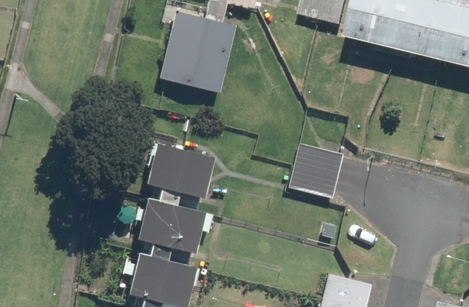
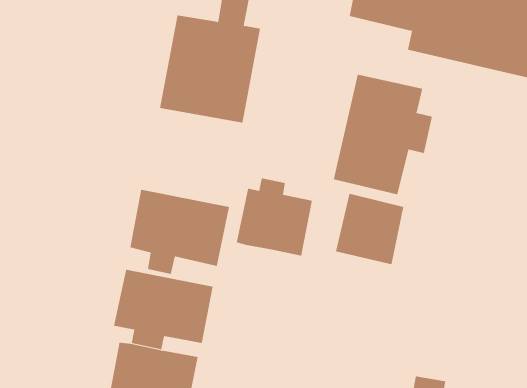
building: none -> [333,74,432,195]
building: none -> [236,177,312,257]

